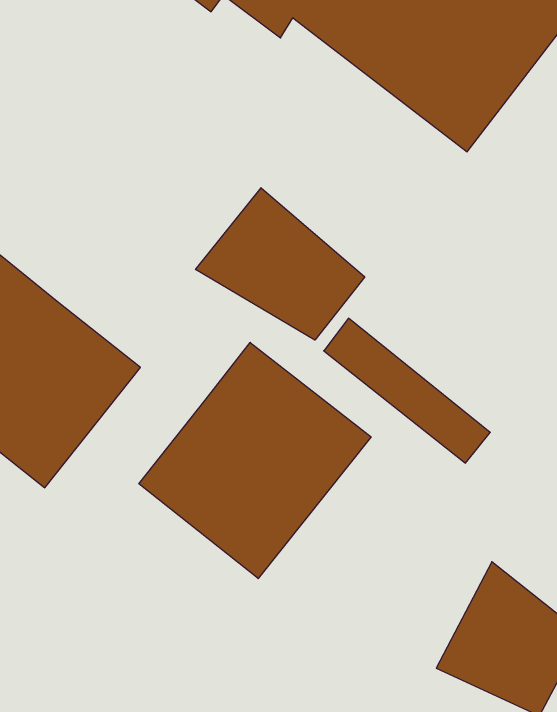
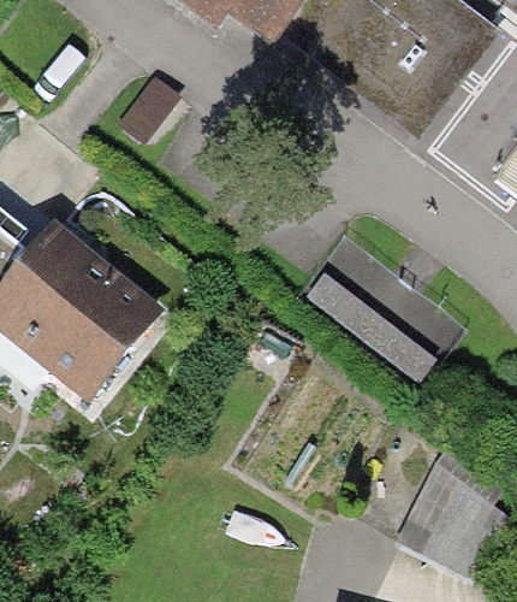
building: [196,188,365,340] -> none
building: [139,342,371,579] -> none

